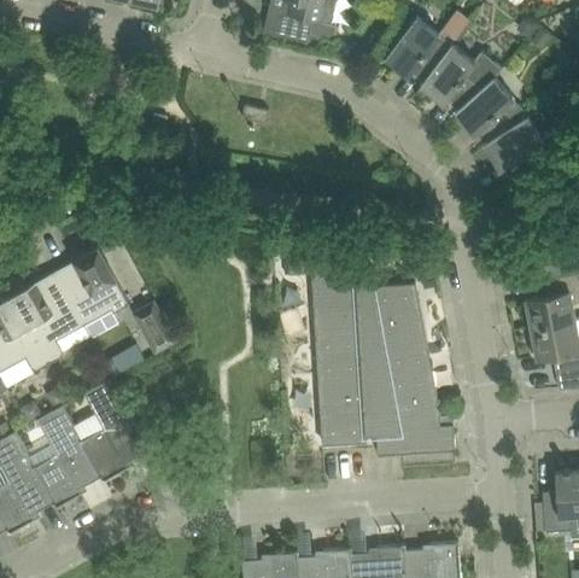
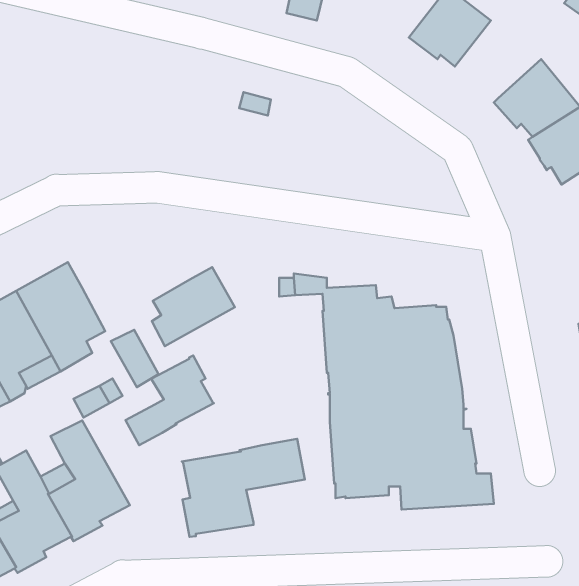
building: [419,45,501,110] -> none
building: none -> [152,267,235,346]
building: none -> [126,356,214,445]
building: none -> [182,439,305,537]

